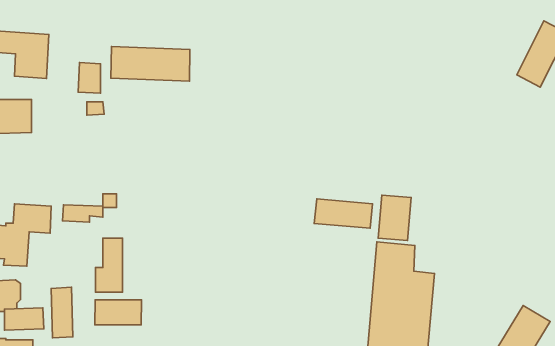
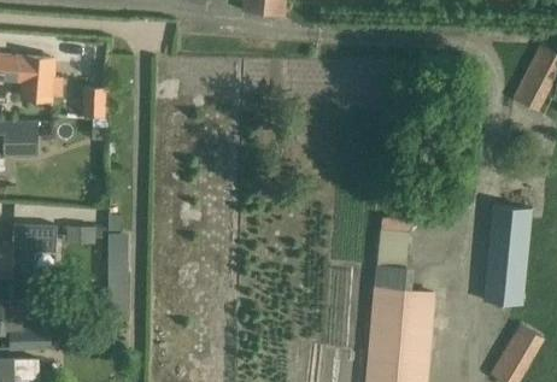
building: [111,46,190,81] -> none
building: none -> [483,205,532,305]
building: [314,199,373,228] -> none
building: [51,287,73,338] -> none
building: [95,300,141,325] -> none

